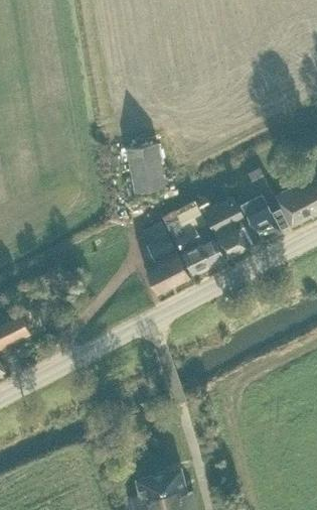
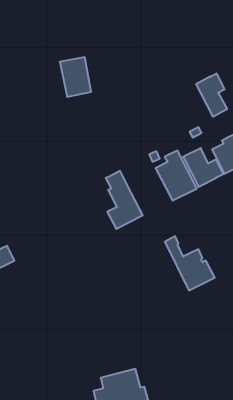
building: none -> [196,73,227,117]
building: [125,143,164,193] -> [60,57,91,97]
building: [161,209,223,276] -> [165,236,215,290]

